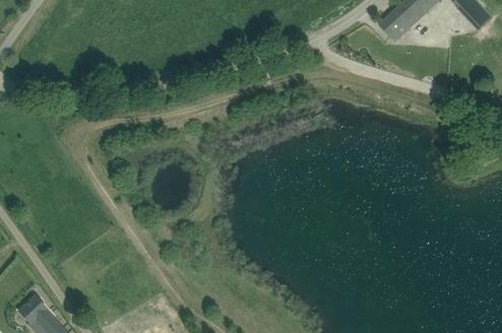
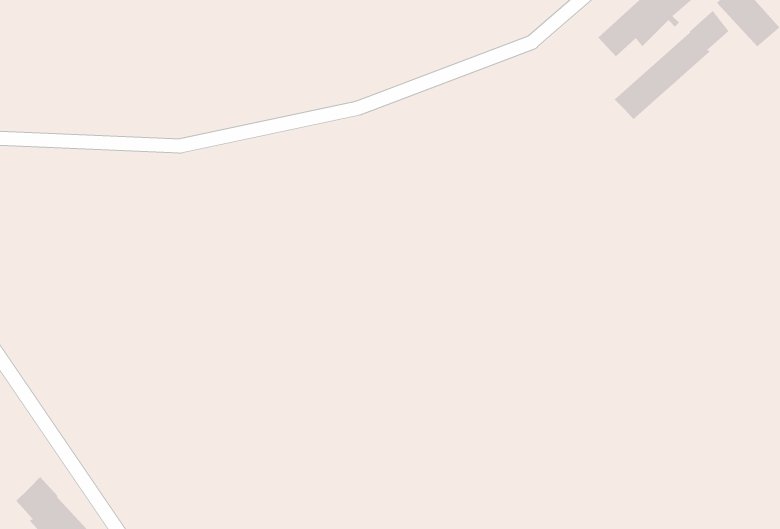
building: none -> [614,10,729,120]

